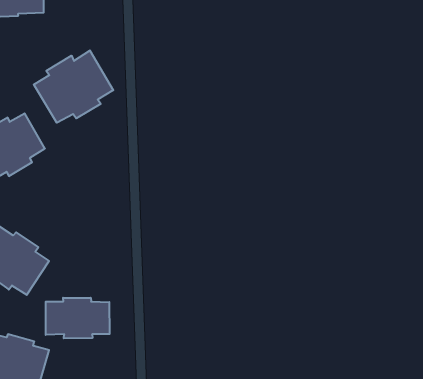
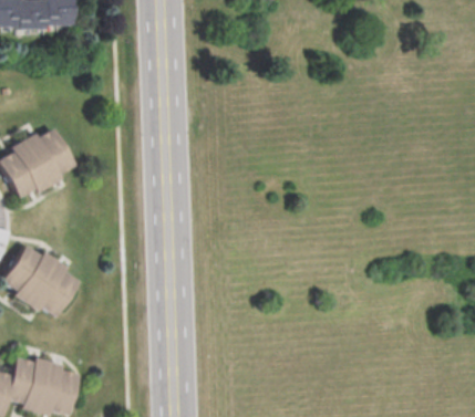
building: [34,50,113,123] -> none
building: [46,298,110,338] -> none

